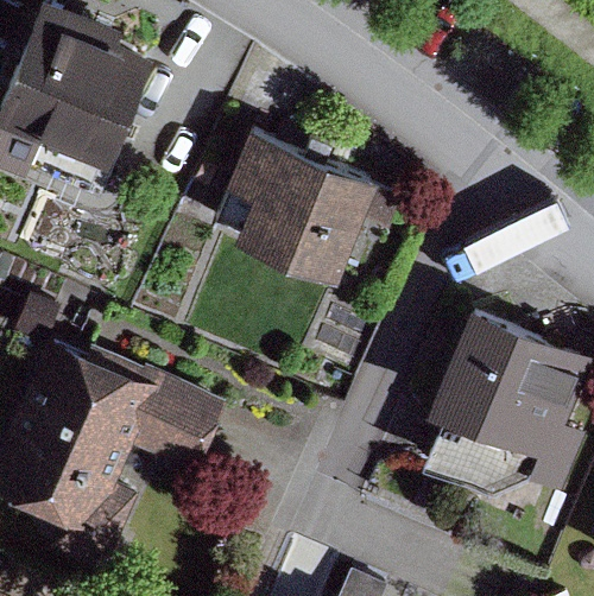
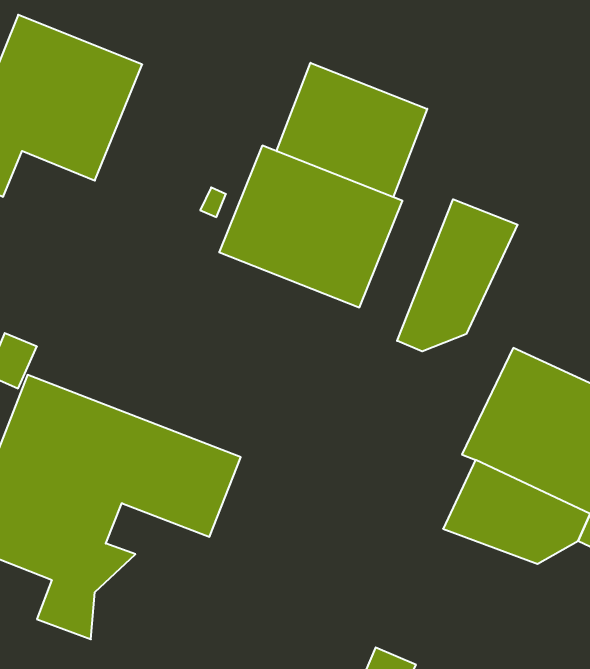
building: none -> [277,63,427,197]
building: none -> [397,199,518,351]

